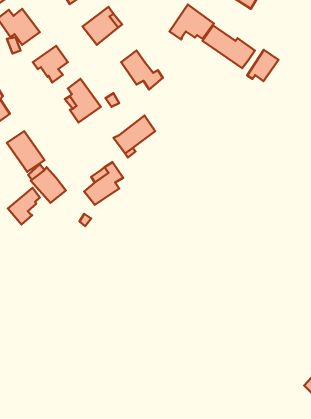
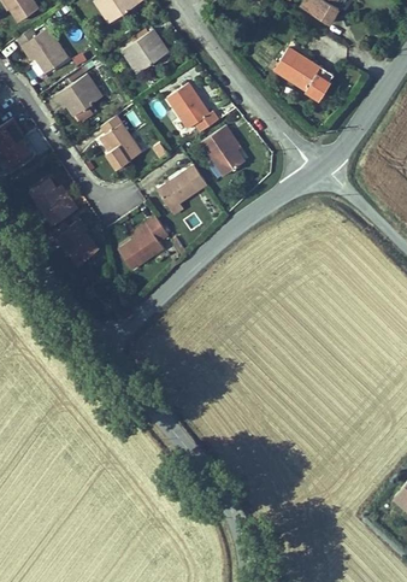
building: [169,5,214,39] -> none
building: [247,50,279,81] -> none
building: none -> [203,119,246,170]
building: [8,188,40,224] -> none

